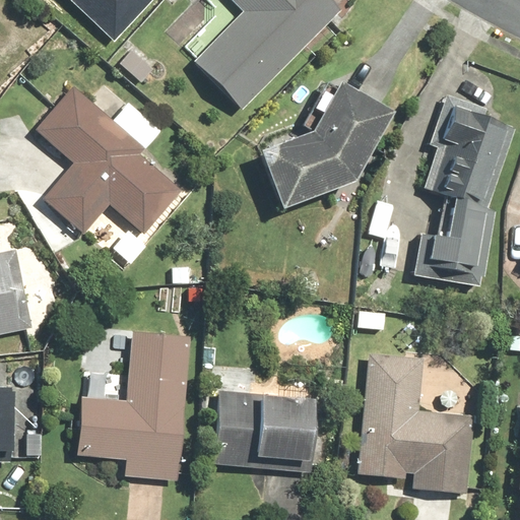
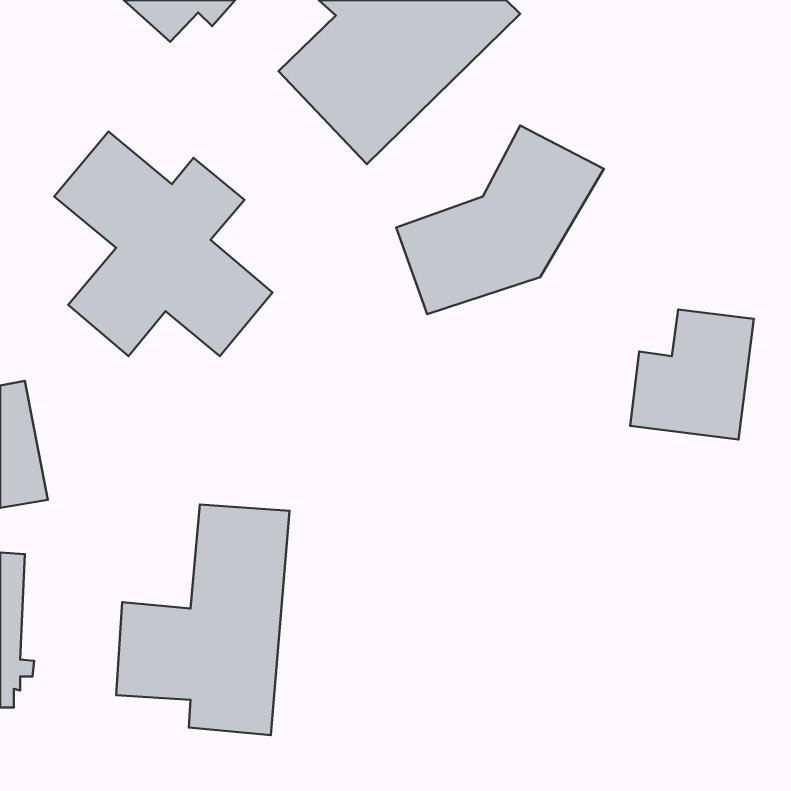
building: [426,108,511,207] -> none
building: [359,353,471,495] -> none
building: [217,393,317,468] -> none

